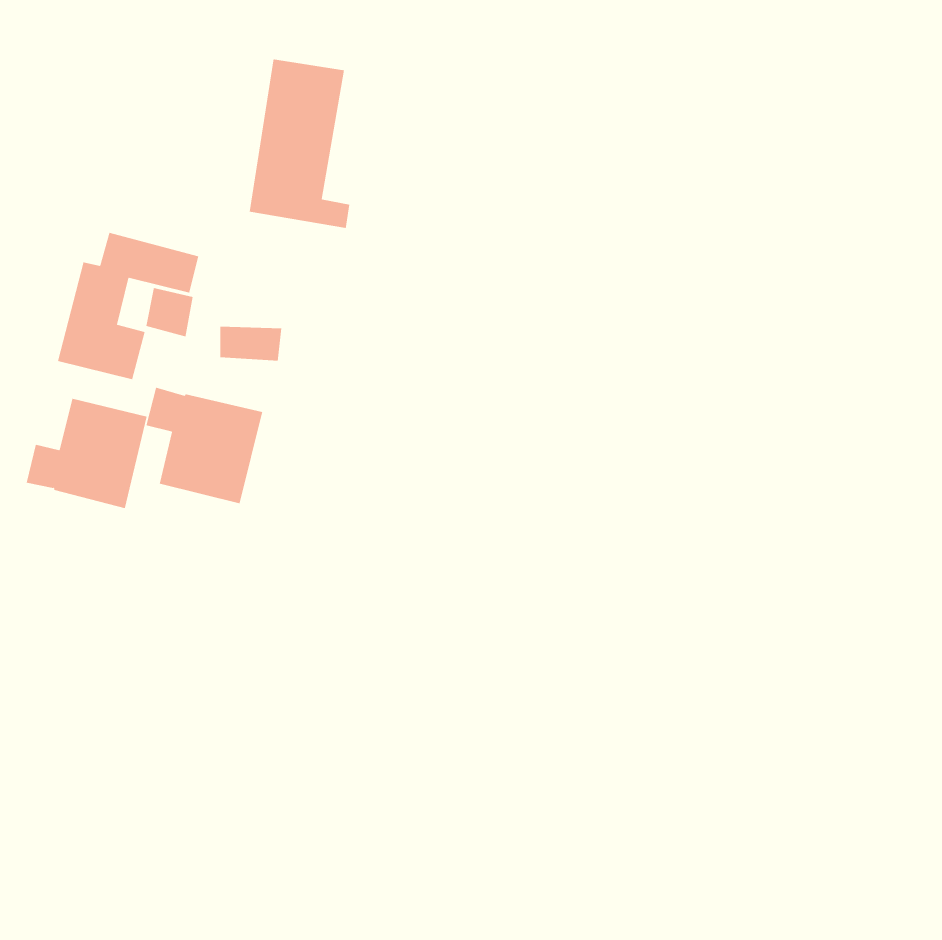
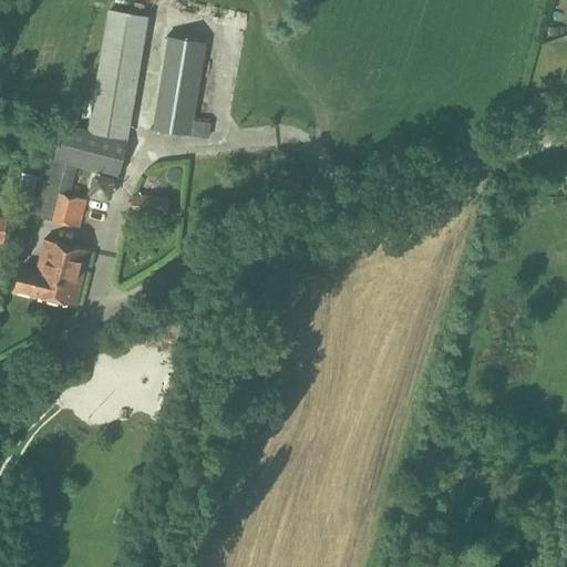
building: none -> [87,10,150,140]
building: [146,387,263,504] -> none

